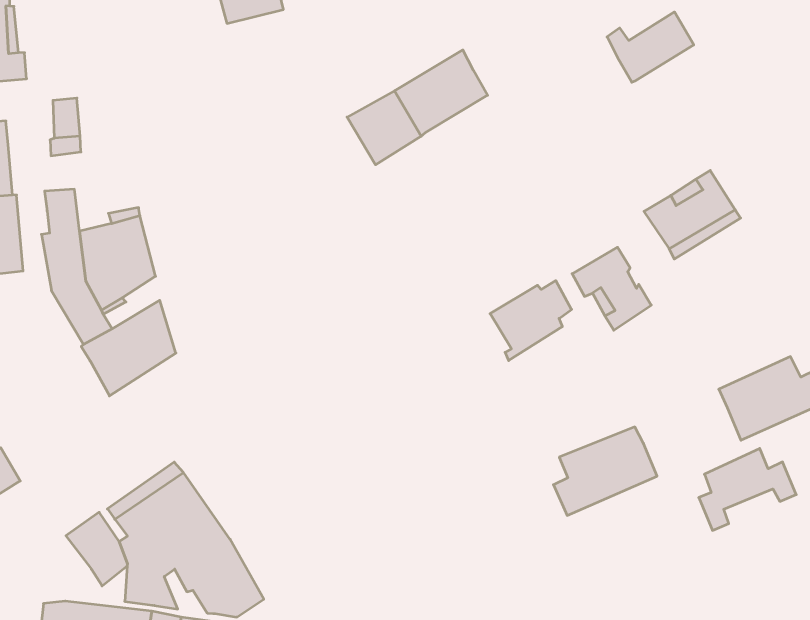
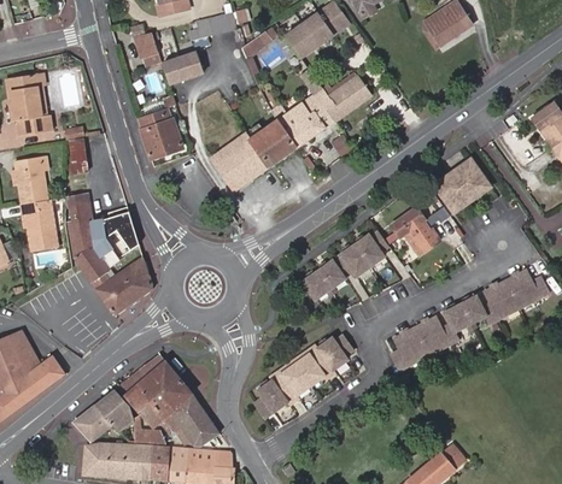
building: [607,12,694,82] -> [316,75,369,119]
building: none -> [139,110,182,158]
building: none -> [211,132,268,189]
building: none -> [303,252,358,302]
building: none -> [251,334,353,420]
building: [699,448,796,530] -> [443,291,502,343]
building: none -> [74,405,112,442]

